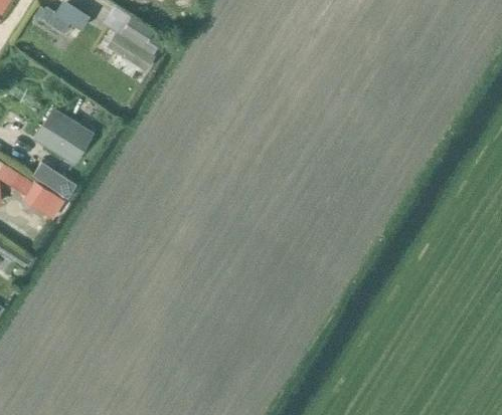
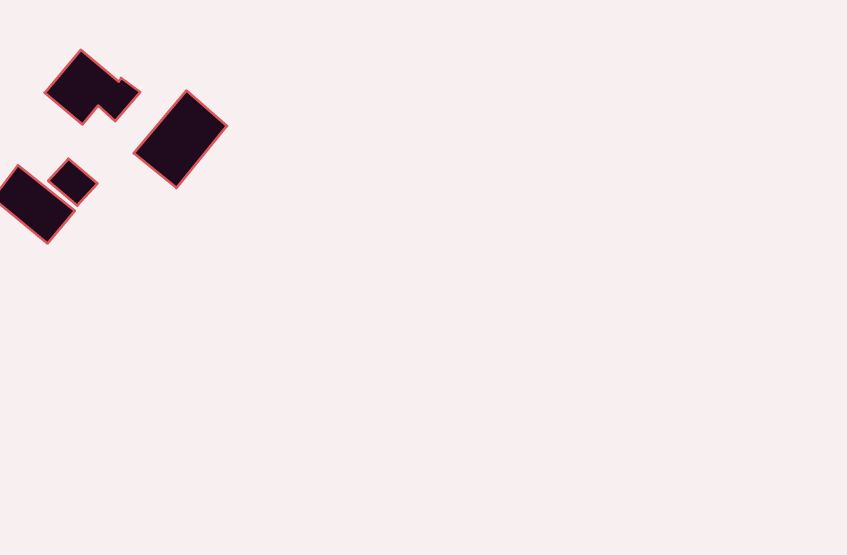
building: none -> [134,91,227,188]

